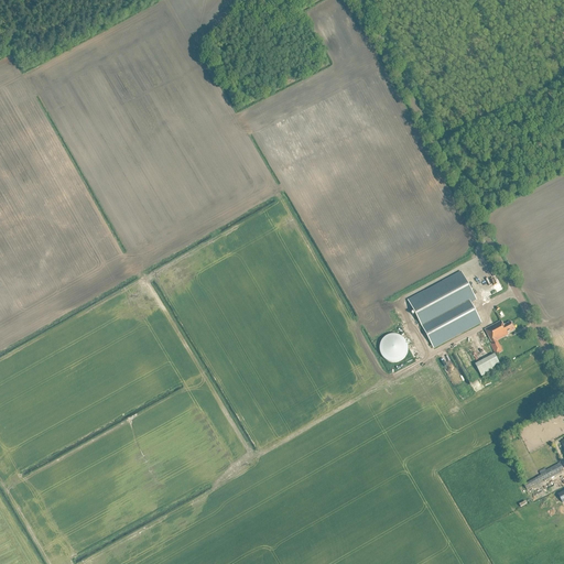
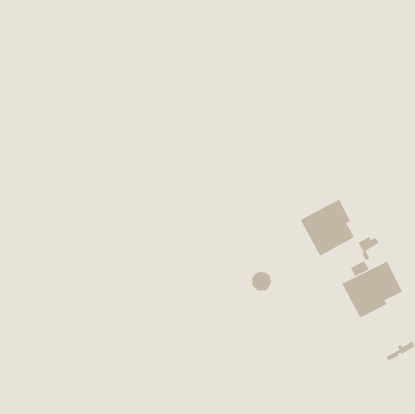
building: [380,334,408,361] -> [251,271,272,291]
building: none -> [342,261,403,318]

